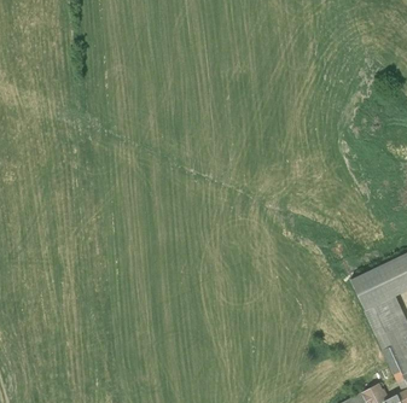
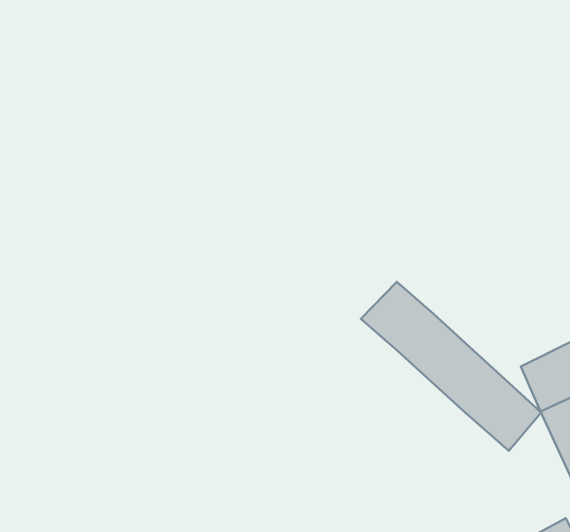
building: none -> [361,282,541,451]

